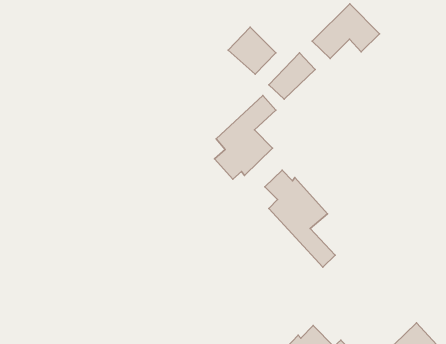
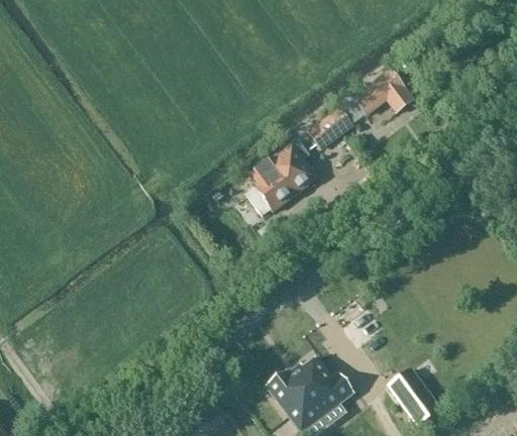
building: [228,27,276,74] -> none
building: [265,170,335,267] -> none

